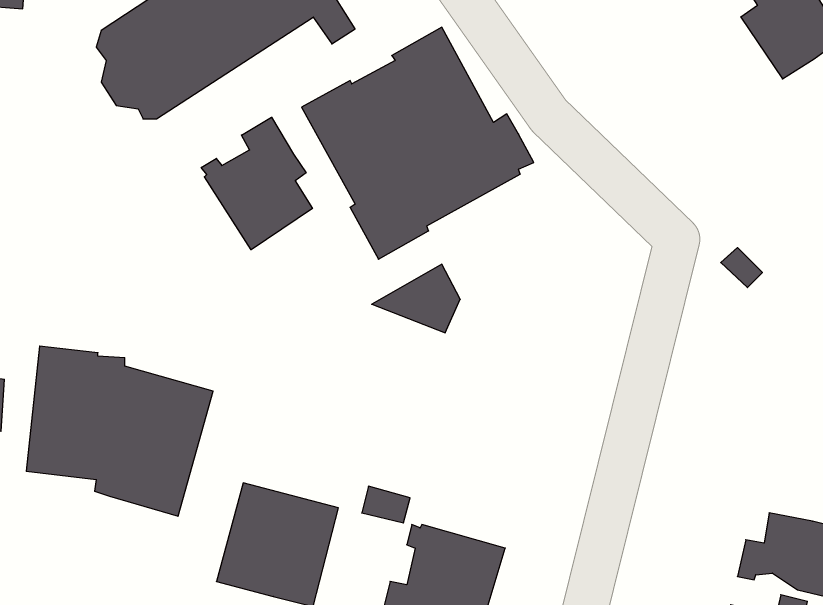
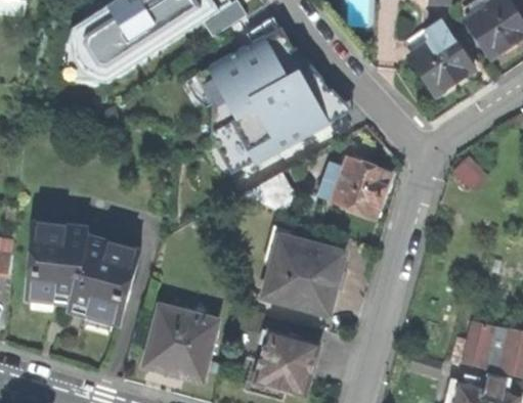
building: none -> [404,17,474,94]
building: [201,117,312,250] -> none
building: none -> [320,158,392,217]
building: none -> [263,236,344,314]

